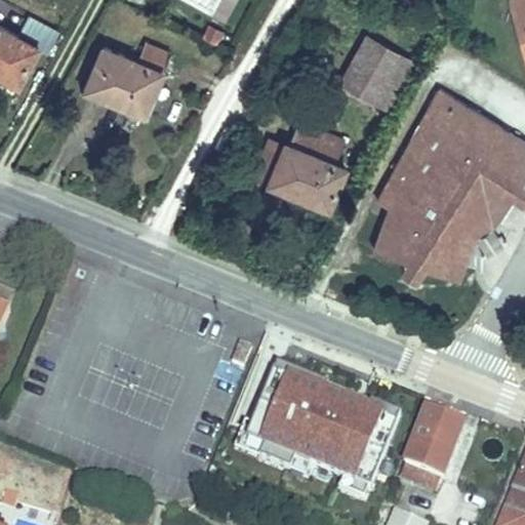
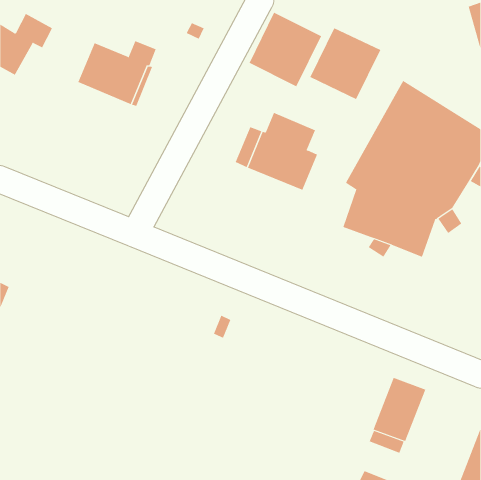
building: none -> [249,12,322,87]
building: [246,369,399,492] -> none

